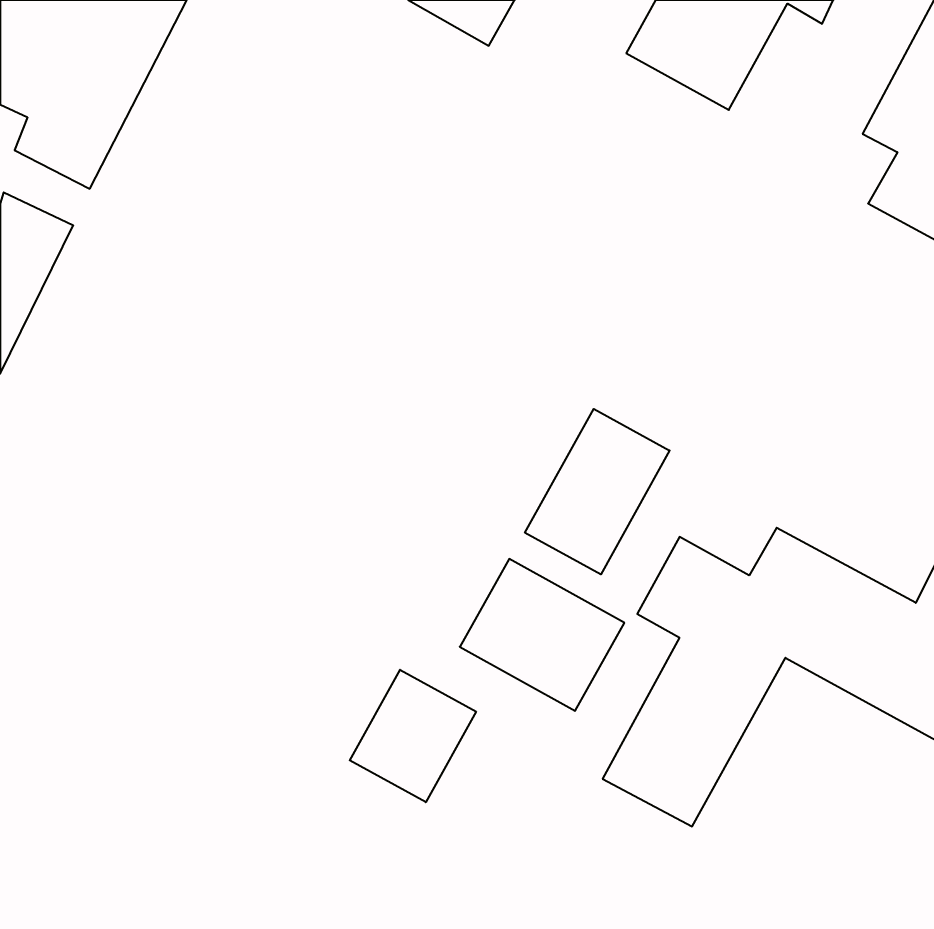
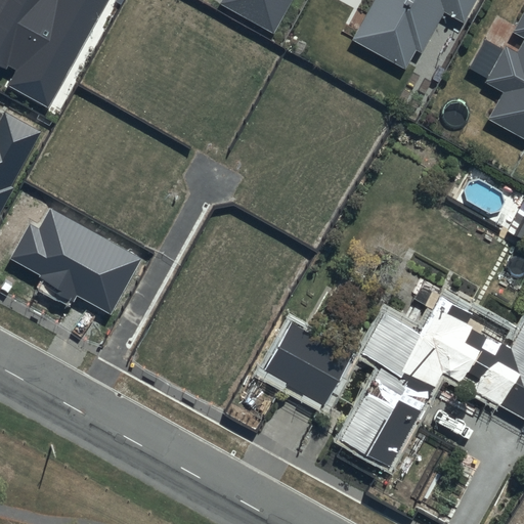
building: none -> [11,213,142,318]
building: [525,409,670,574] -> none
building: [350,670,476,802] -> none

